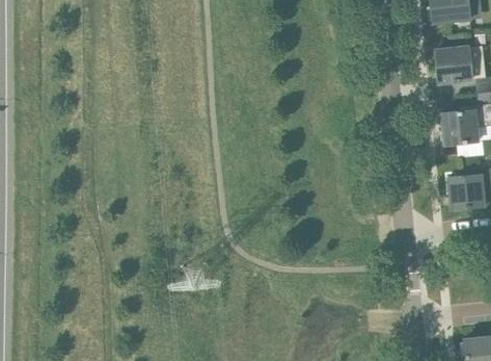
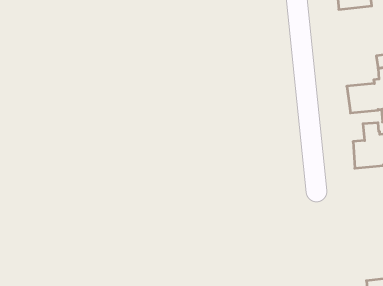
building: [434,47,470,82] -> none

